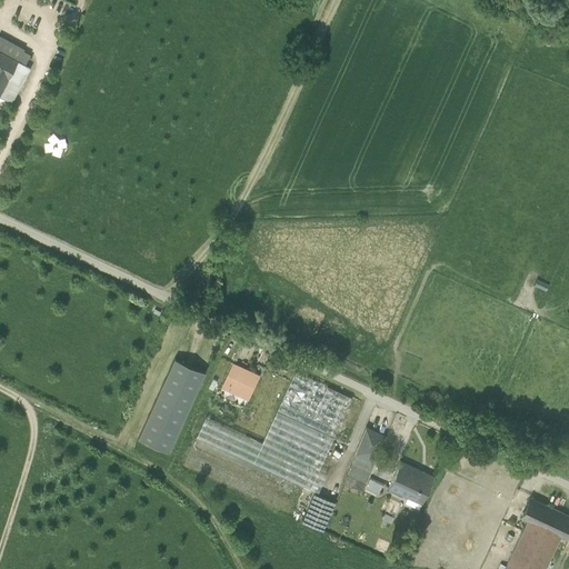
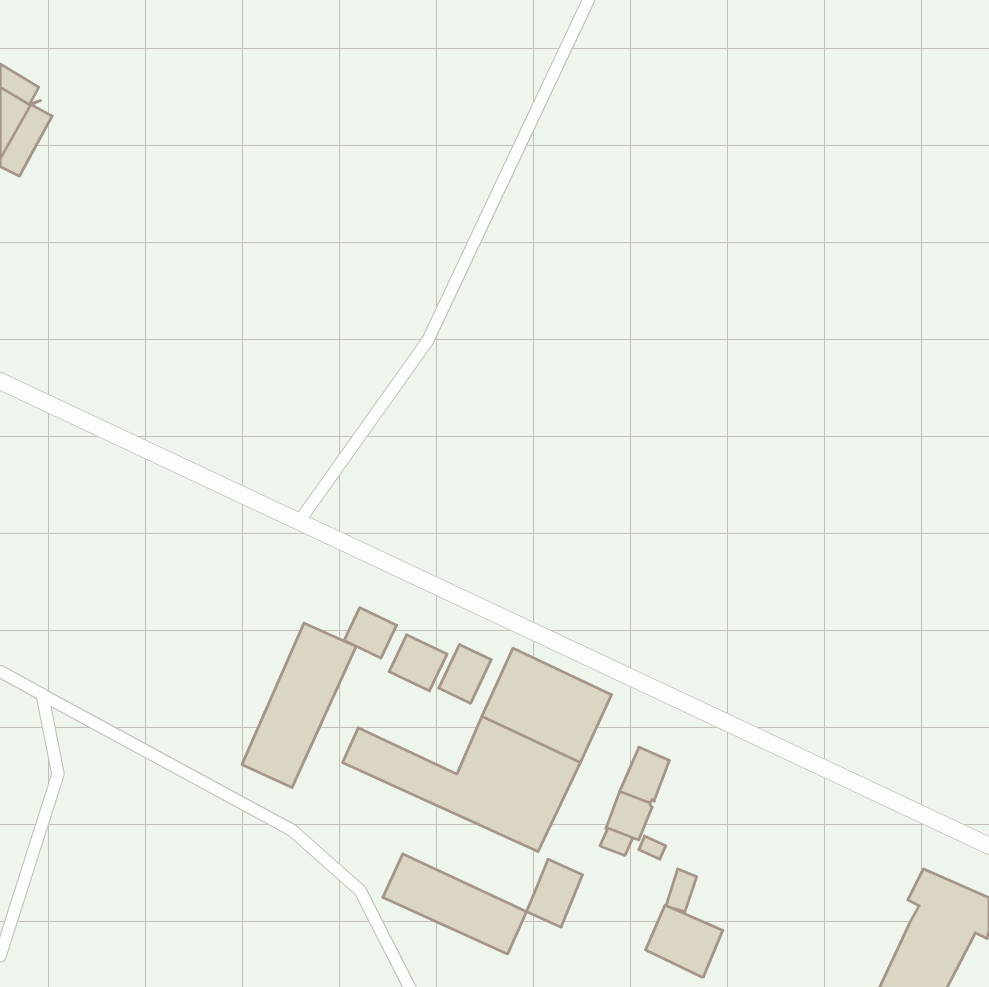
building: none -> [344,608,397,658]
building: none -> [439,644,491,703]
building: [389,465,433,506] -> [645,905,723,977]
building: none -> [383,854,526,954]

